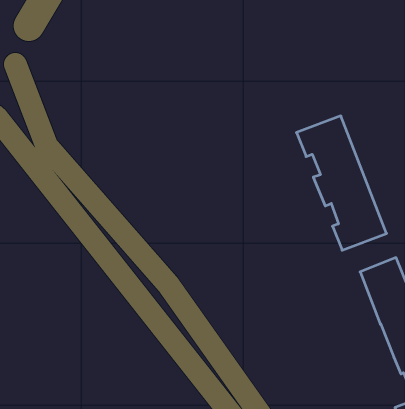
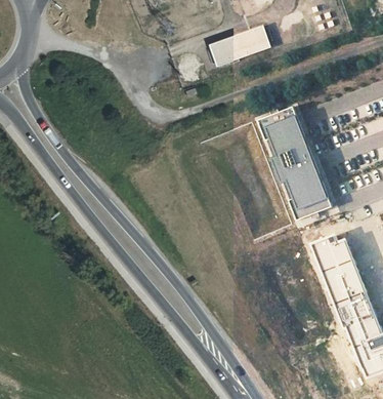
building: none -> [212,28,274,69]

